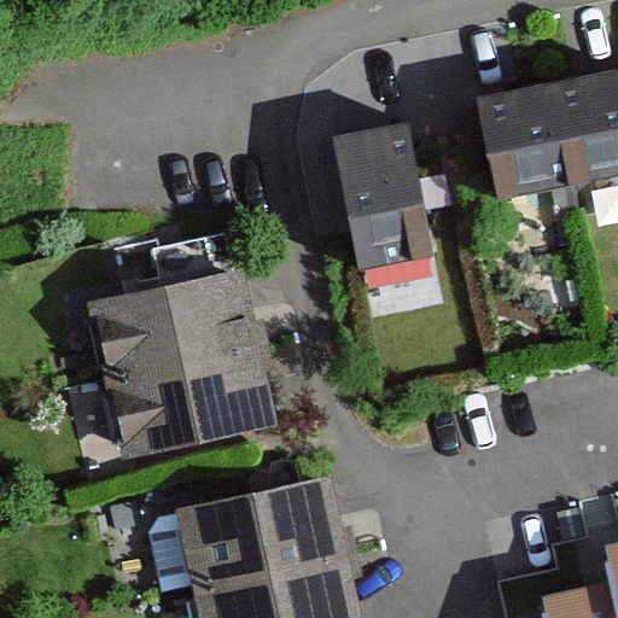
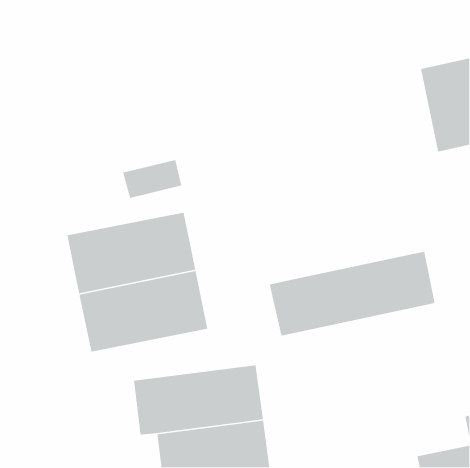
building: [477,89,571,214] -> none
building: [313,127,437,287] -> none
building: none -> [269,251,436,337]

